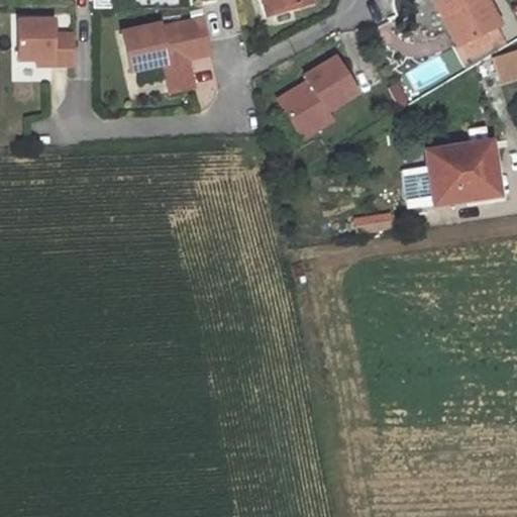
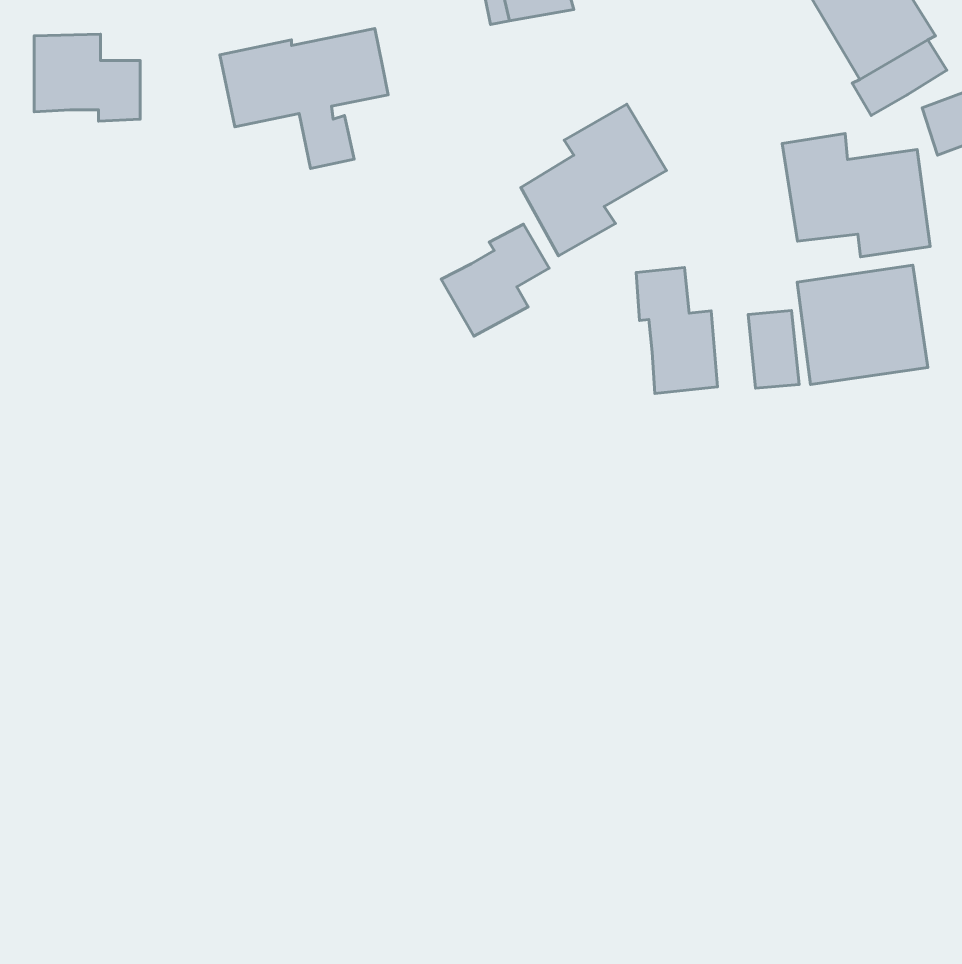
building: none -> [782,134,930,257]
building: none -> [441,224,549,336]
building: none -> [636,268,717,393]

